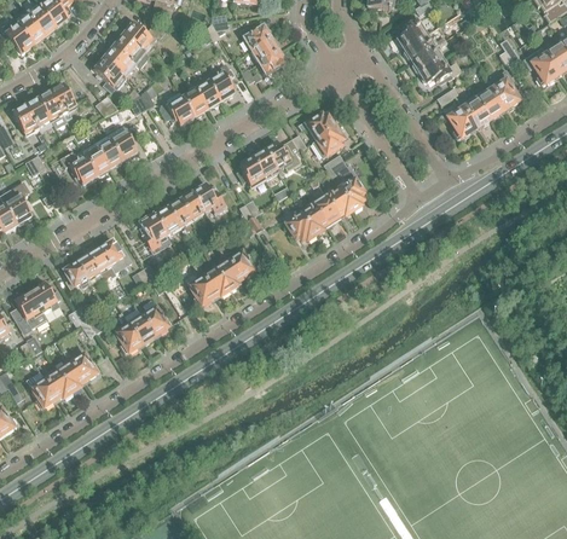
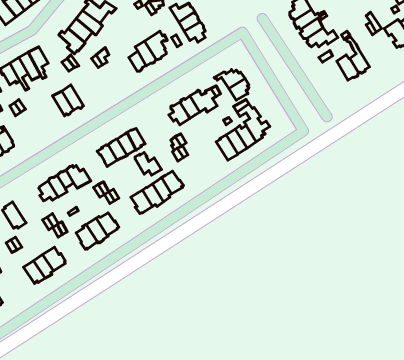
building: [487,69,522,110] -> none
building: [160,95,195,123] -> none
building: [445,103,475,139] -> none
building: [106,124,137,162] -> none
building: [59,149,98,182] -> none
building: [193,184,228,214] -> [135,152,162,175]
building: [282,210,316,240] -> none
building: [29,283,62,313] -> none
building: [29,370,58,408] -> none

